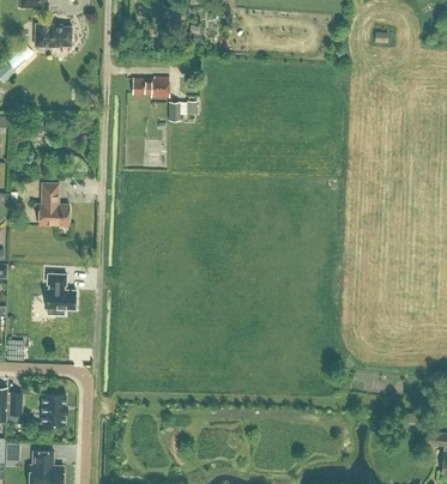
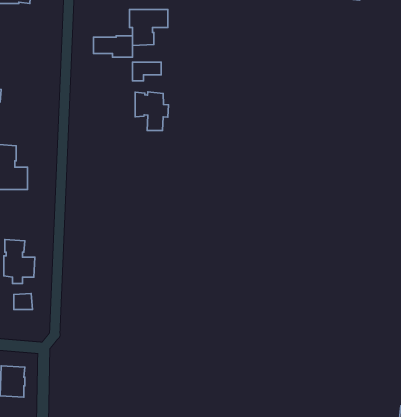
building: none -> [129,10,168,46]
building: none -> [135,92,168,131]

